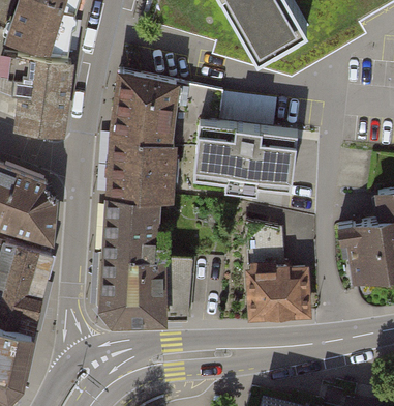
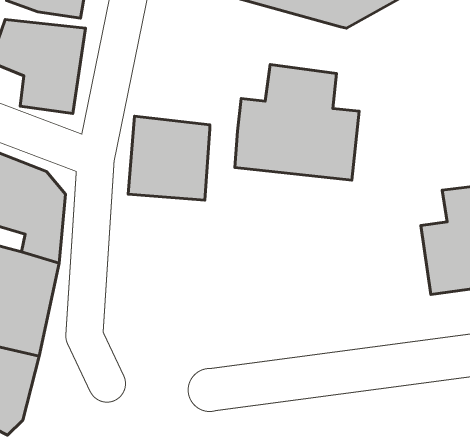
building: [112,73,223,149] -> none
building: [98,201,191,324] -> none
building: [247,225,310,321] -> none

